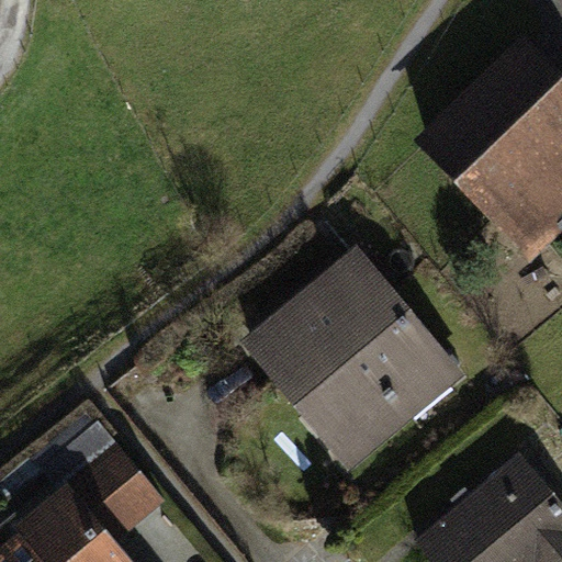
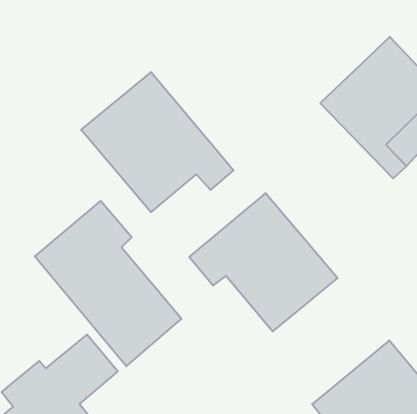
building: none -> [81,72,233,212]
building: none -> [35,201,182,366]

